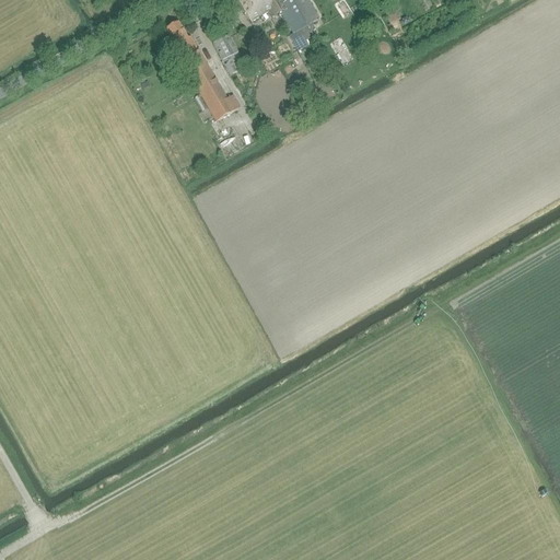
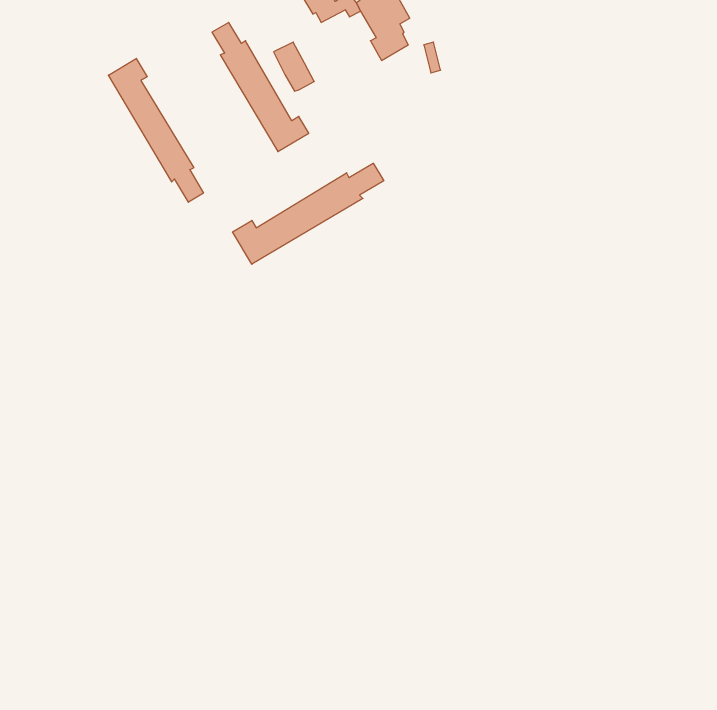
building: none -> [108,58,203,202]
building: none -> [233,163,384,264]

